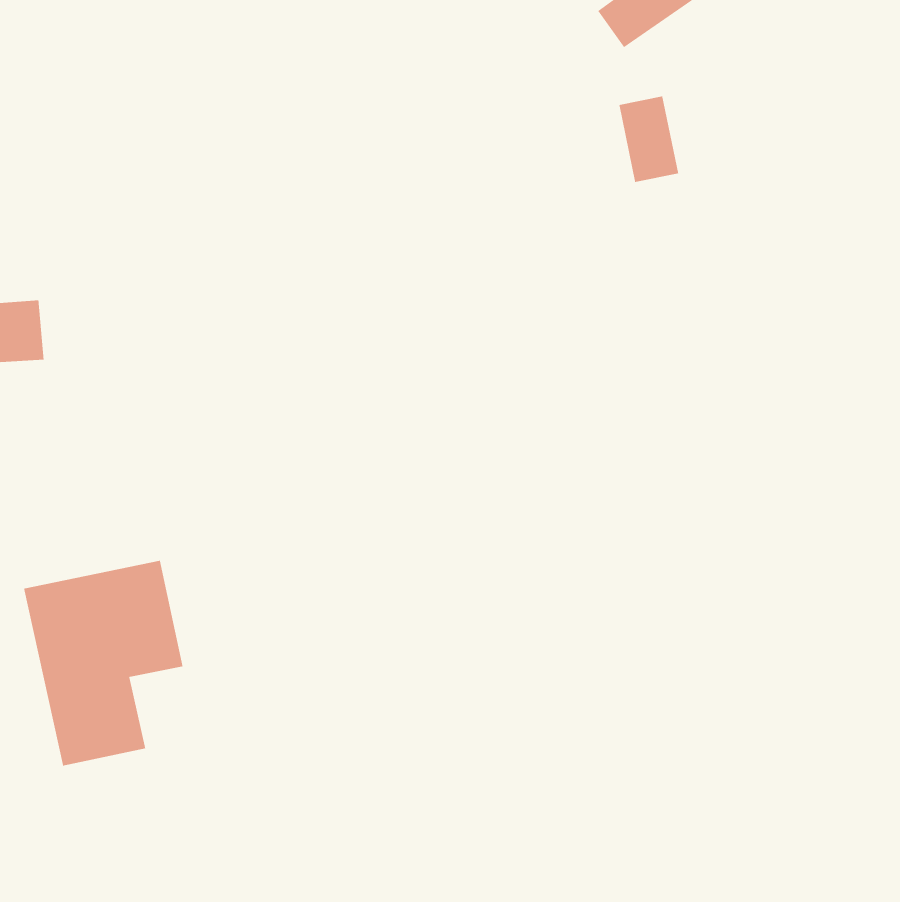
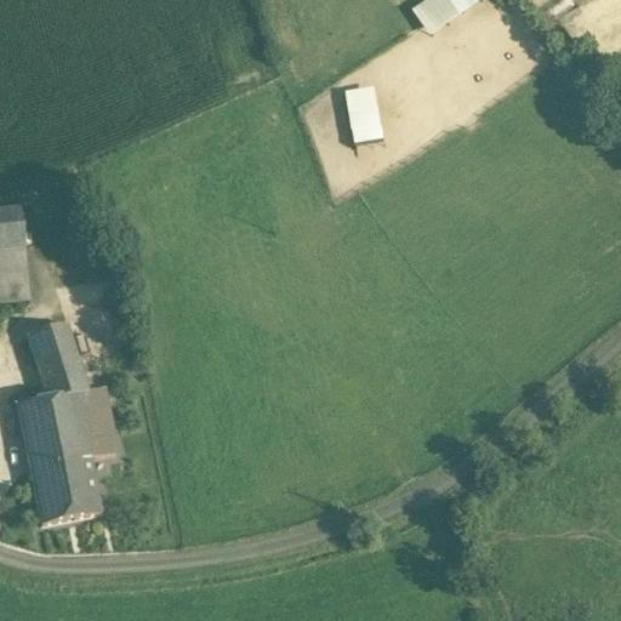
building: [618,95,679,183] -> [338,84,380,143]
building: none -> [30,319,92,393]

